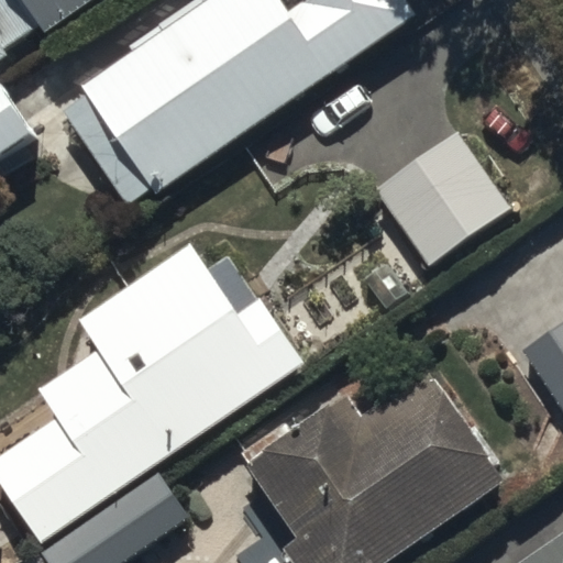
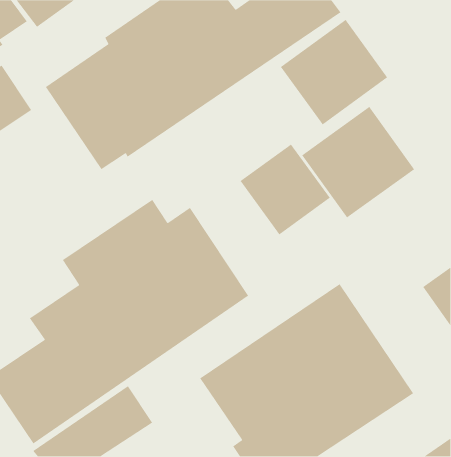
building: none -> [280,19,388,126]
building: none -> [240,143,331,235]

